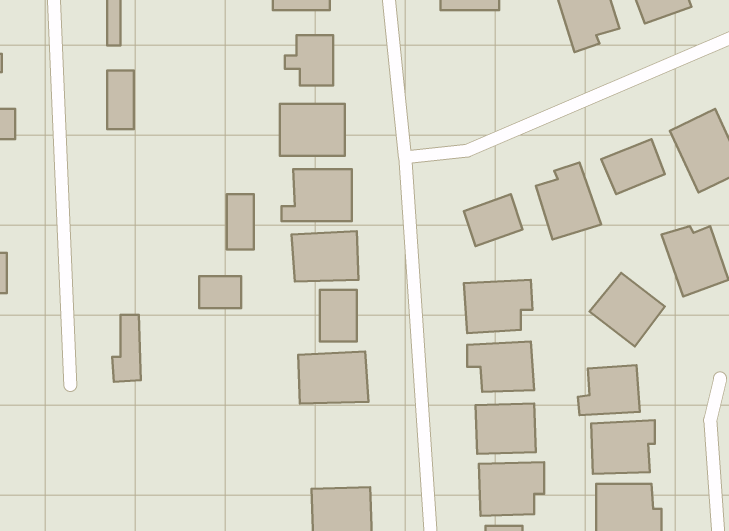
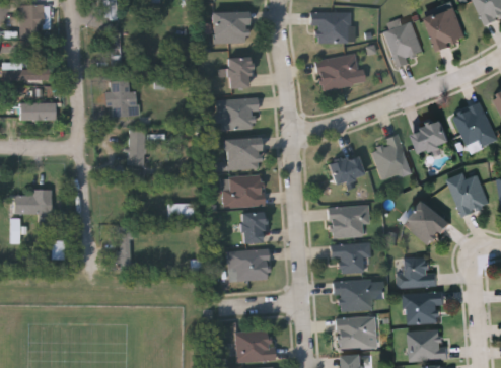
building: none -> [313,54,357,92]
building: [227,194,254,249] -> [129,130,145,163]

